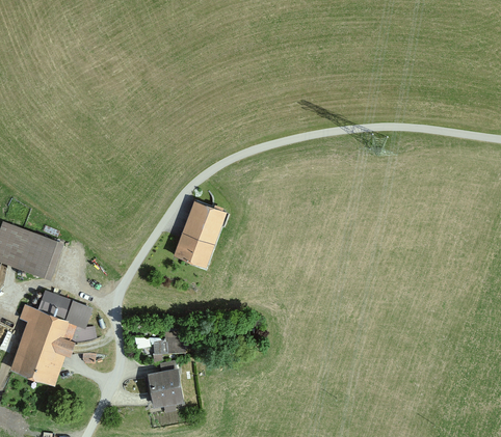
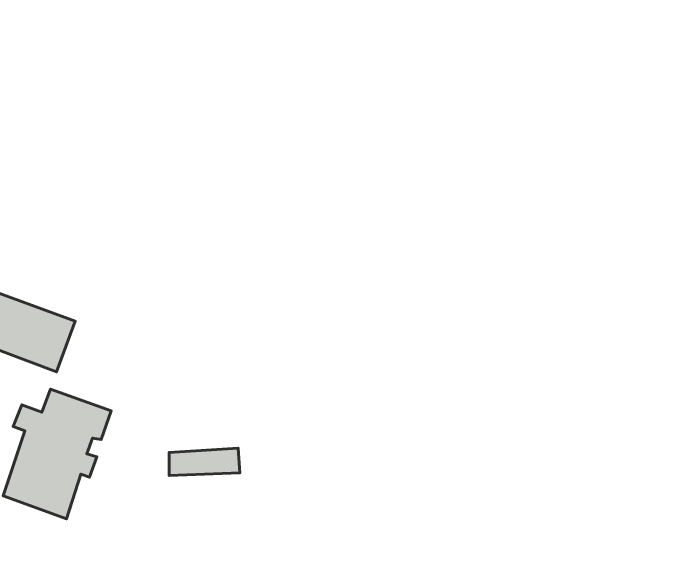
building: [177,199,228,266] -> none
building: [148,367,184,412] -> none

